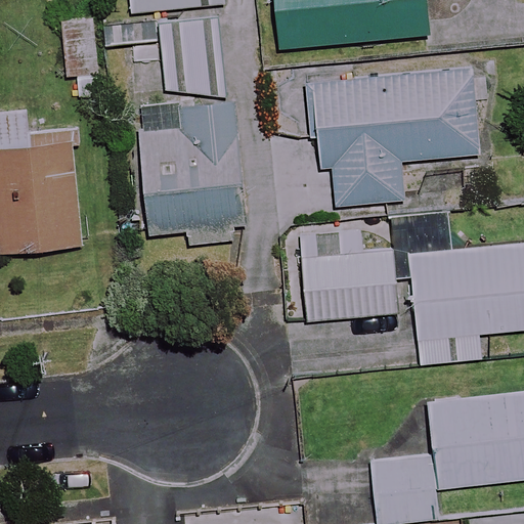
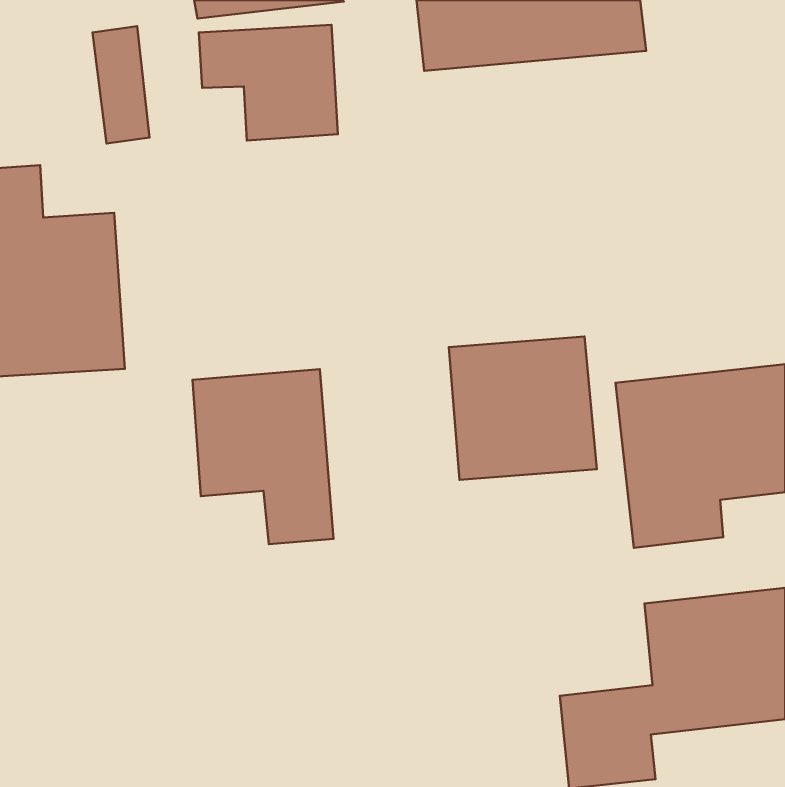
building: [312,70,479,205] -> none
building: [134,104,251,244] -> none
building: none -> [192,369,333,544]

